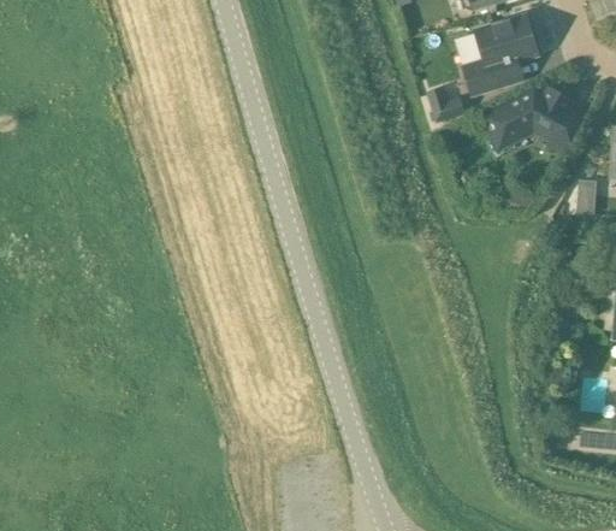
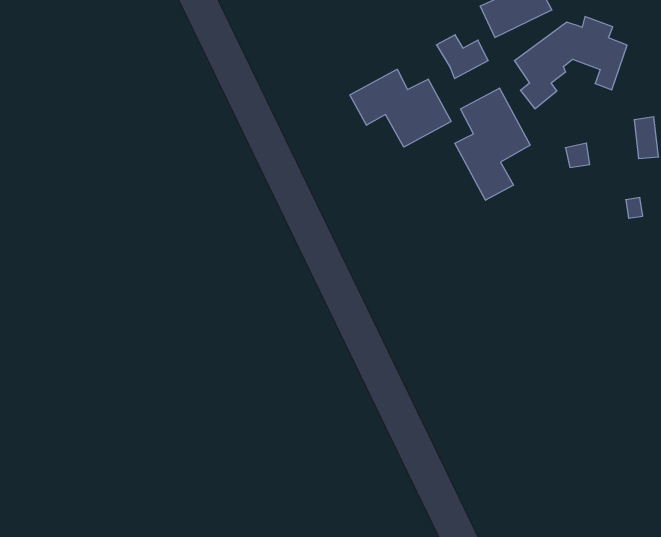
building: none -> [350,69,451,147]
building: none -> [455,88,530,200]

